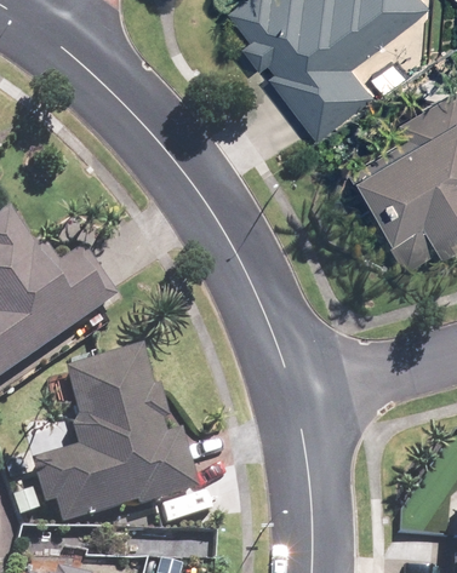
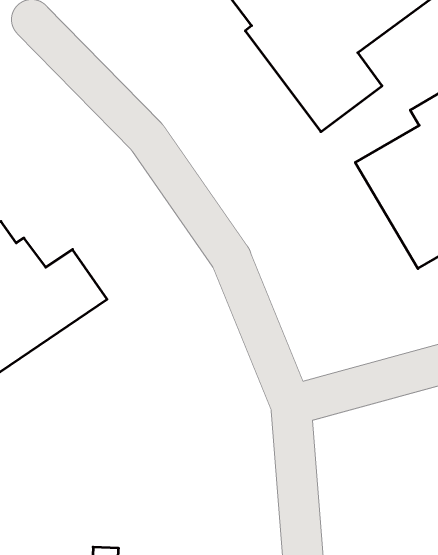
building: [27,353,198,531] -> none

